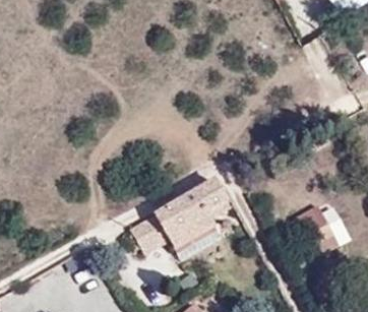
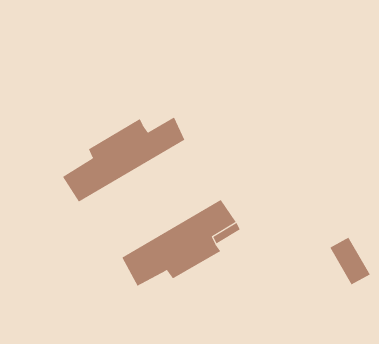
building: none -> [62,117,185,202]

